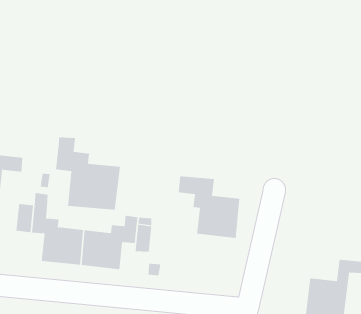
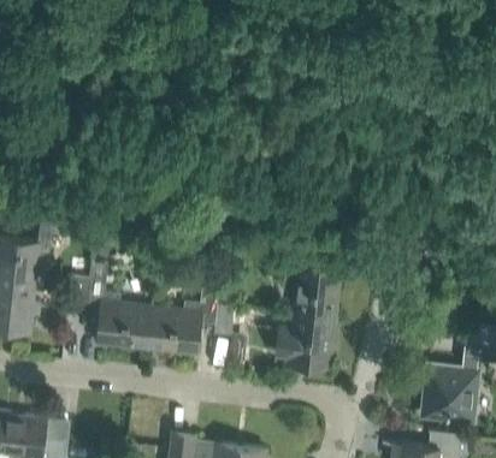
building: [56,136,121,211] -> none
building: none -> [274,313,338,367]

